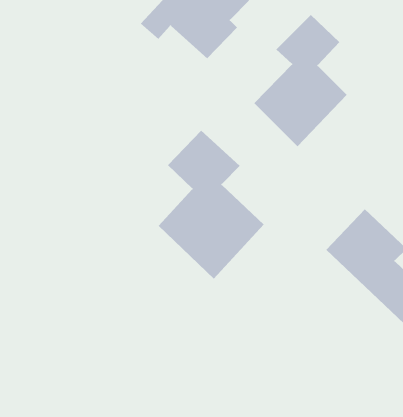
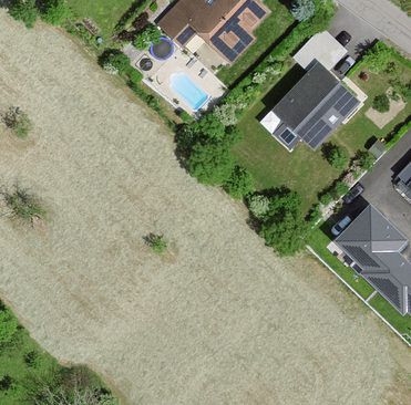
building: [158,130,265,280] -> none

